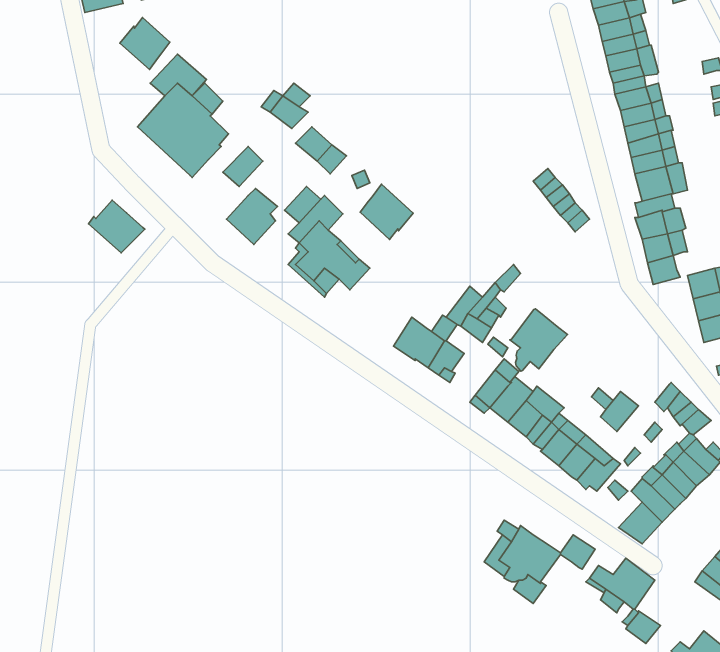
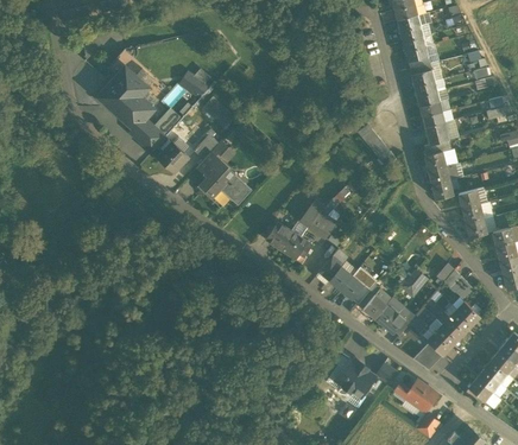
building: [120,18,170,70] -> none
building: [360,184,413,240] -> none
building: [88,200,145,253] -> [128,117,165,152]
building: [510,309,568,371] -> none

